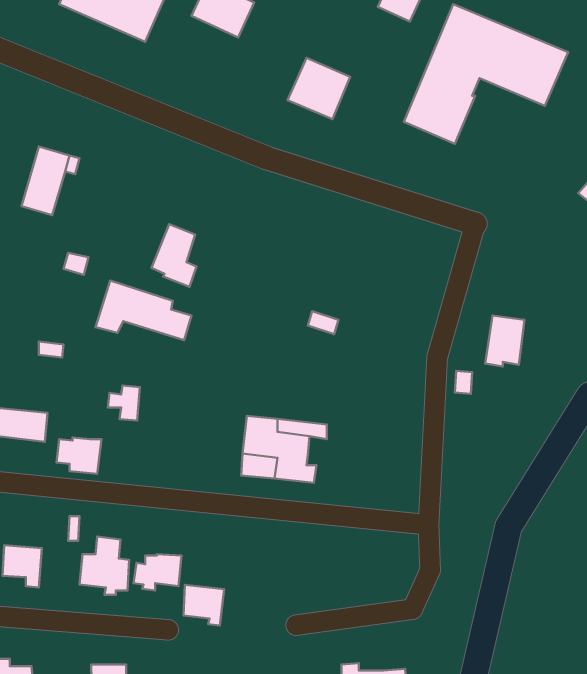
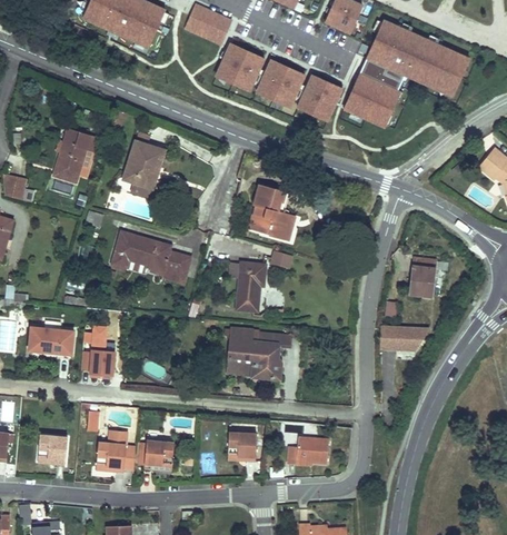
building: none -> [216,43,266,92]
building: none -> [298,75,344,121]
building: none -> [243,187,291,244]
building: [152,224,197,287] -> [123,143,158,191]
building: none -> [226,259,269,310]
building: [108,386,140,421] -> [83,326,108,353]
building: none -> [381,326,427,350]
building: none -> [289,438,331,467]
building: [183,585,224,626] -> [230,429,261,460]

